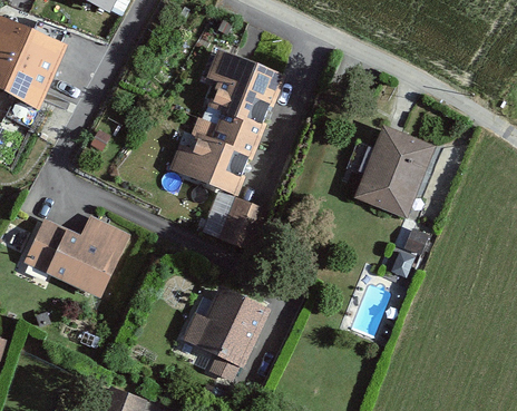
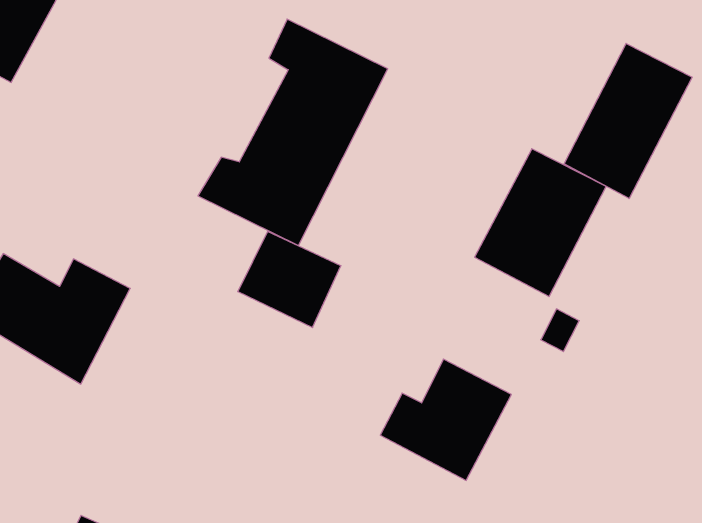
building: none -> [564,43,692,199]
building: [182,286,266,365] -> [380,359,511,480]

